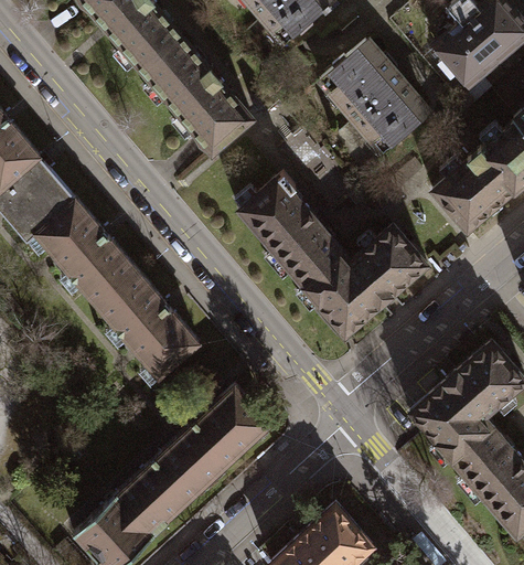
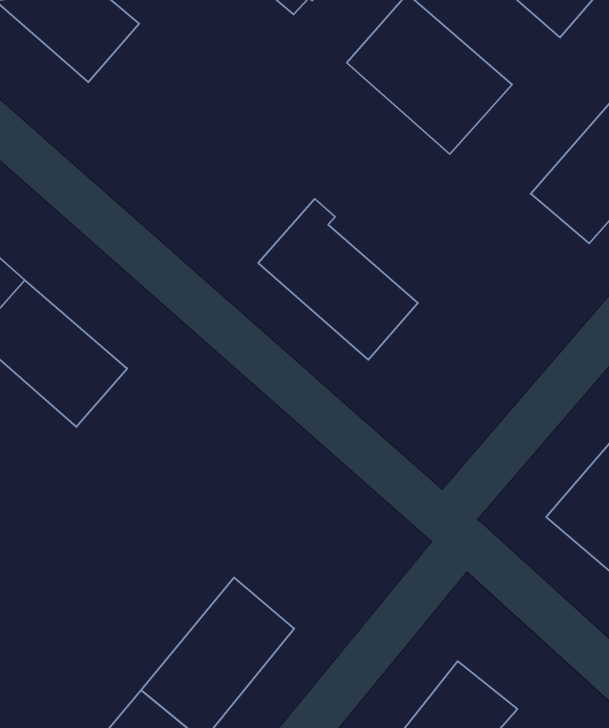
building: [139,33,253,152] -> none
building: [304,225,426,334] -> none
building: [97,269,200,376] -> none
building: [191,385,270,465] -> none

